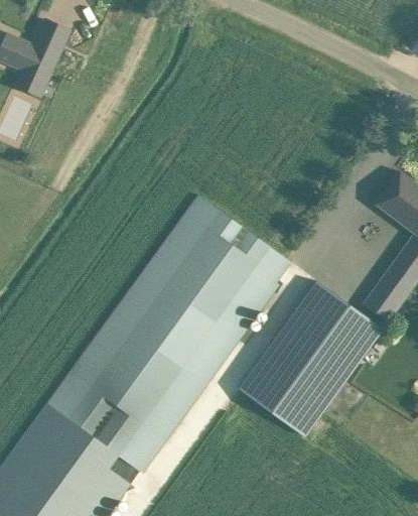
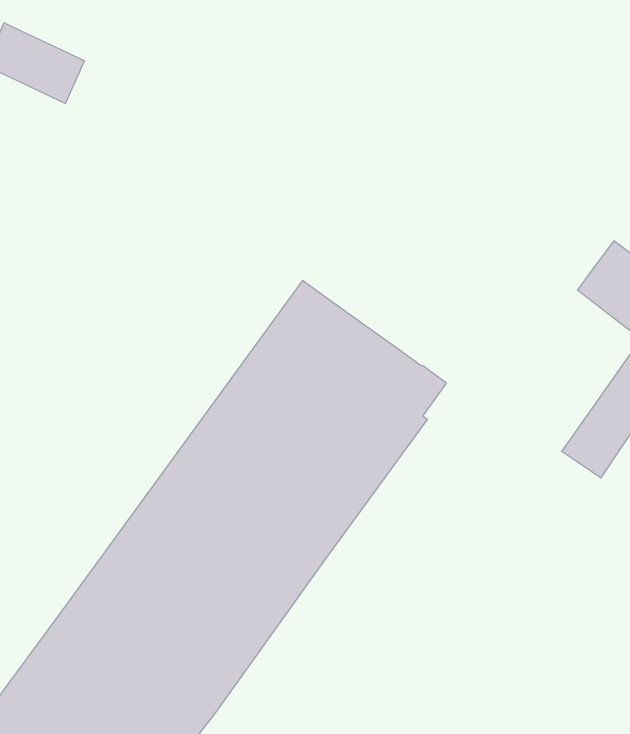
building: [237,280,382,437] -> none

